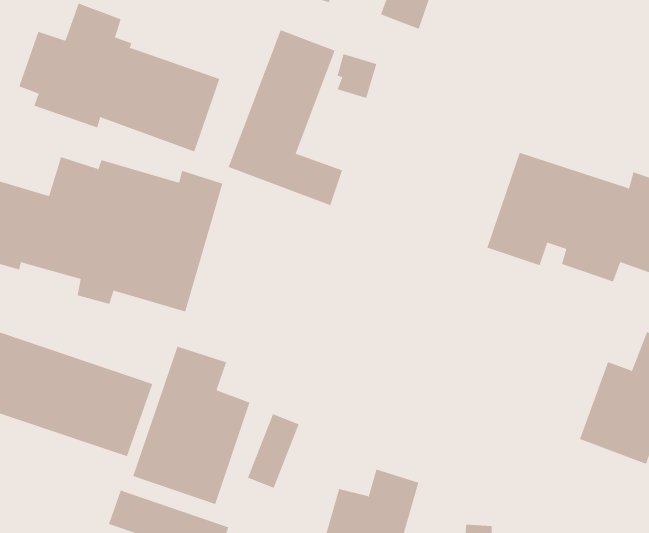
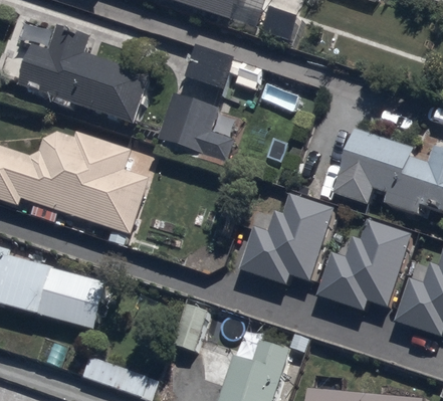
building: none -> [239,194,334,289]
building: none -> [317,225,406,313]
building: [133,346,250,505] -> none

